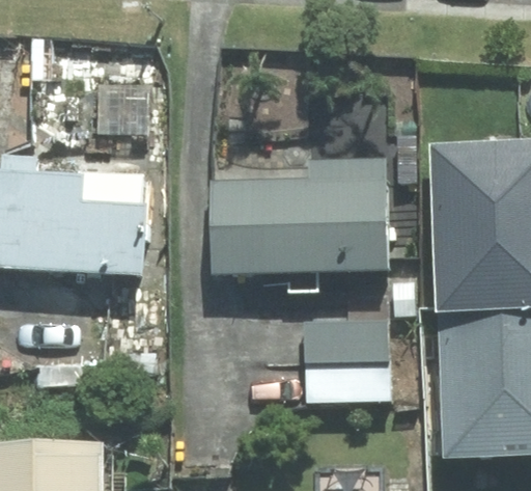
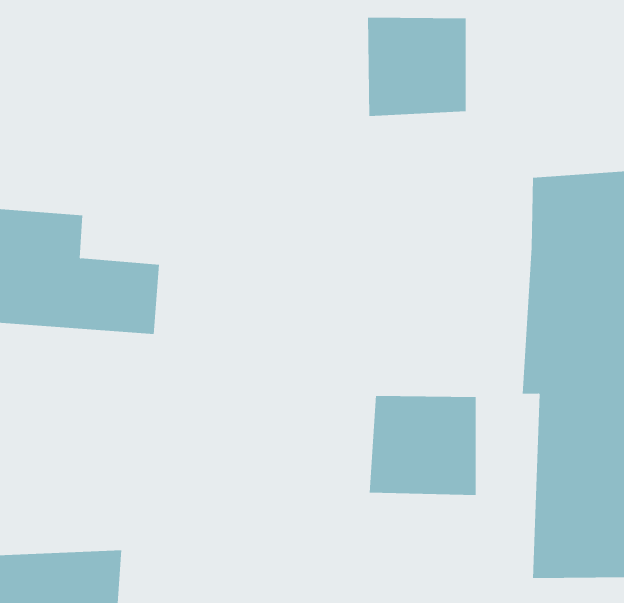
building: none -> [368,17,466,117]
building: [213,154,388,275] -> none

